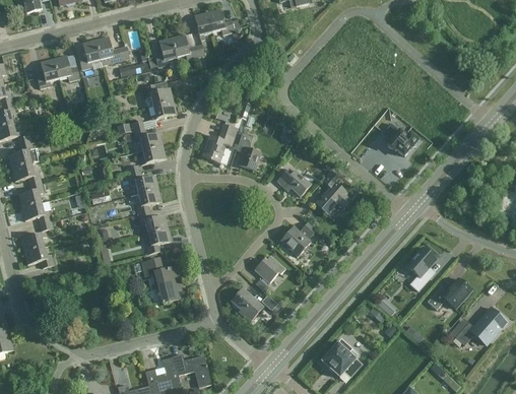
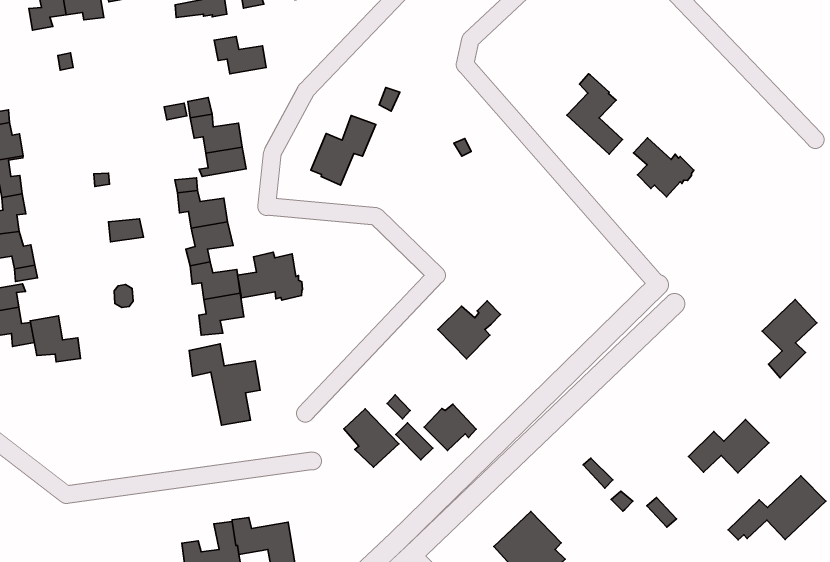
building: none -> [567,74,622,154]
building: [147,100,176,120] -> none
building: [236,131,259,170] -> none
building: [276,168,311,196] -> none
building: [315,171,351,213] -> none
building: none -> [238,252,303,300]
building: [405,246,436,290] -> [762,299,817,378]
building: none -> [30,316,81,362]
building: [255,255,284,281] -> [424,404,476,451]

